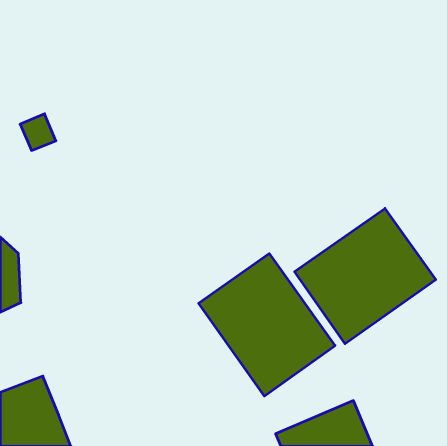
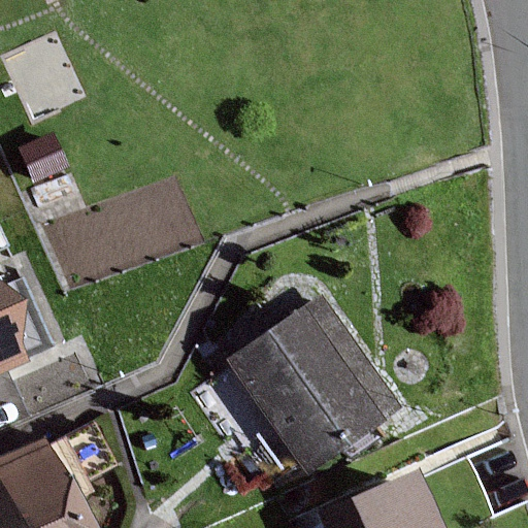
building: [295,208,436,344] -> none

